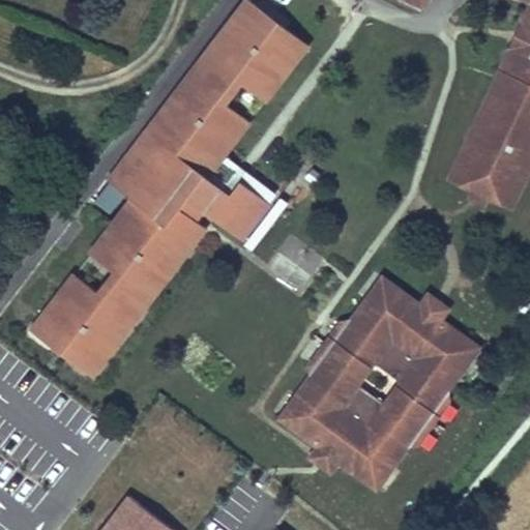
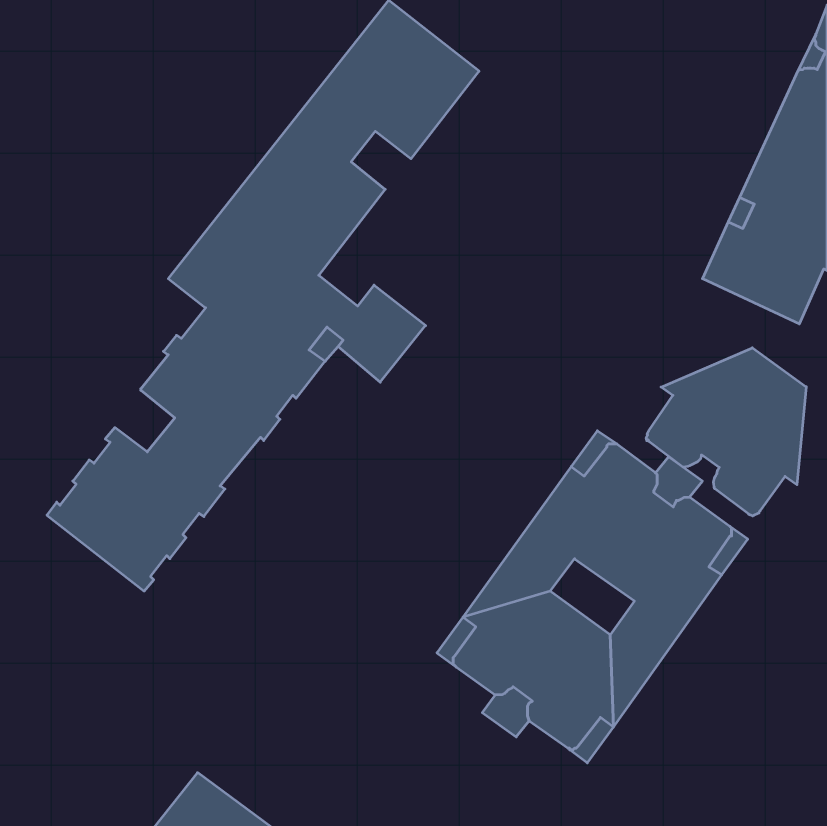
building: none -> [646,348,806,516]

